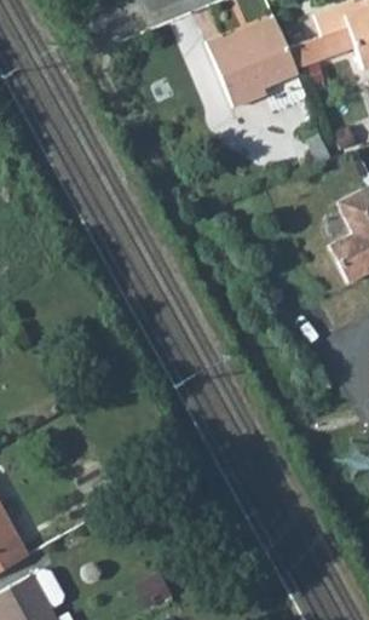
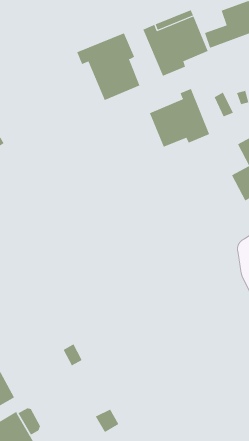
building: none -> [77,33,140,101]
building: none -> [149,88,210,148]

